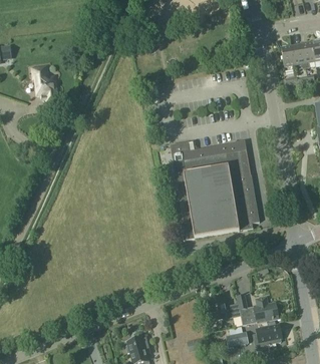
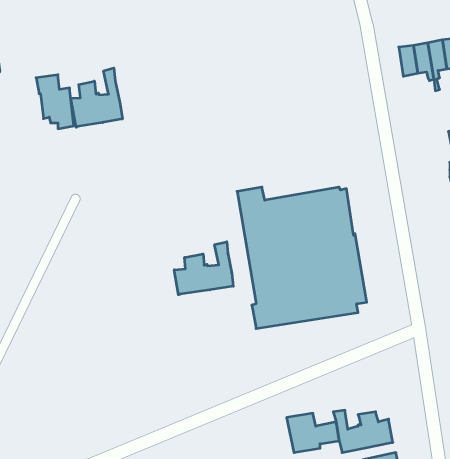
building: none -> [71,68,122,127]
building: none -> [174,242,233,295]

